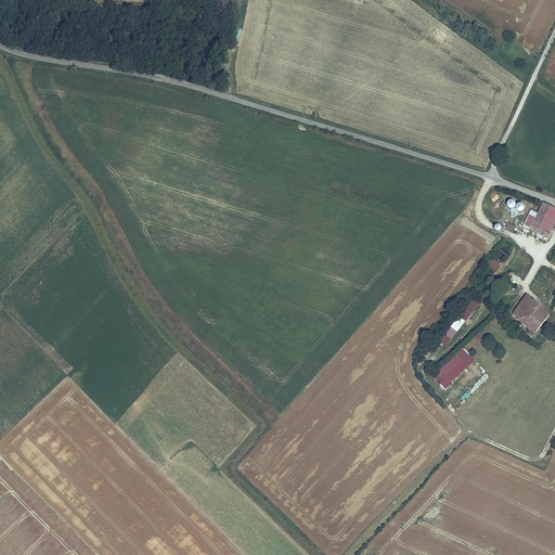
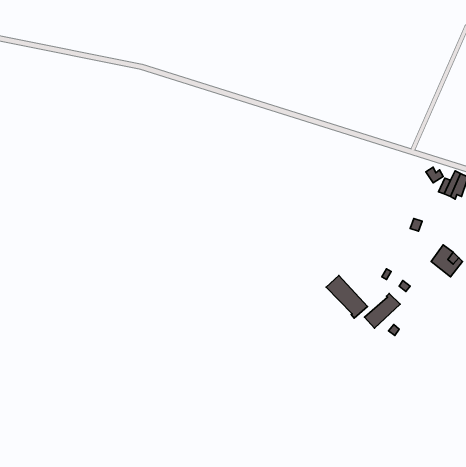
building: none -> [326,275,368,318]

